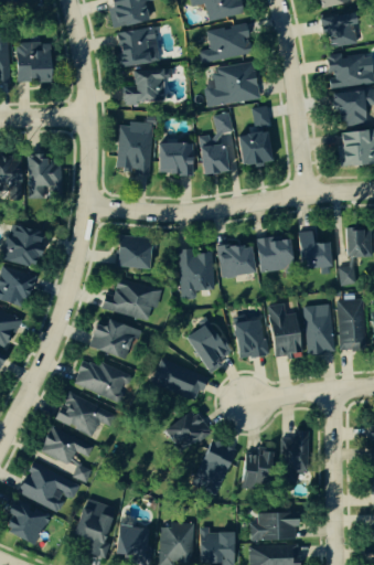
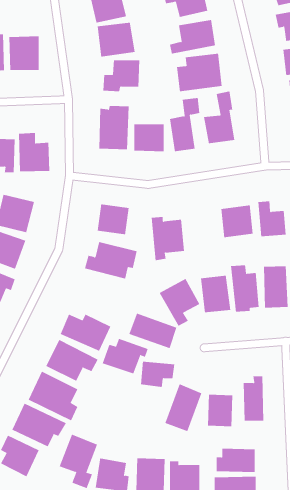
building: [217,243,256,278] -> none
building: [89,318,142,359] -> [102,338,148,374]

